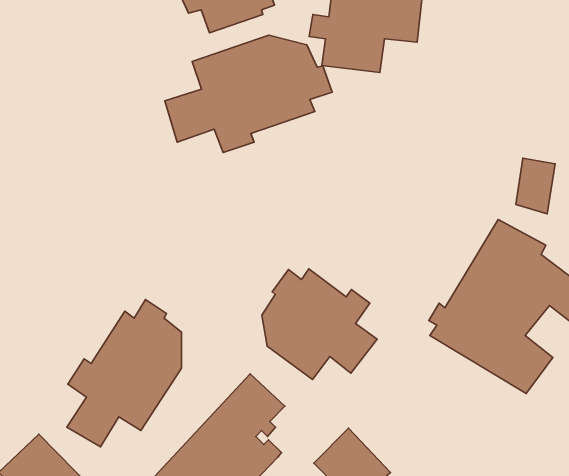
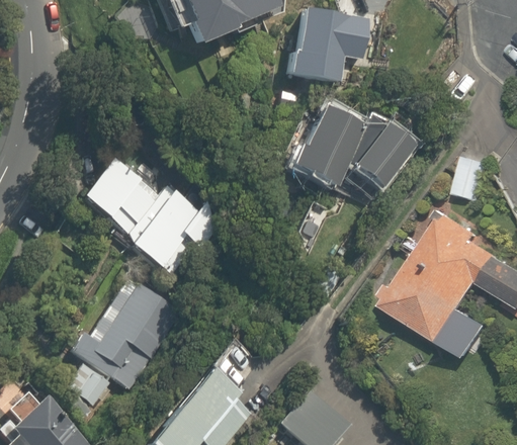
building: [165,35,332,153] -> none
building: none -> [291,110,411,192]
building: none -> [76,153,217,290]
building: [262,269,377,380] -> none

